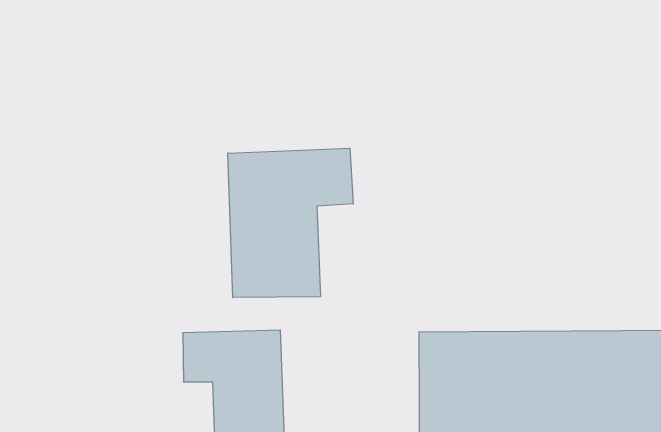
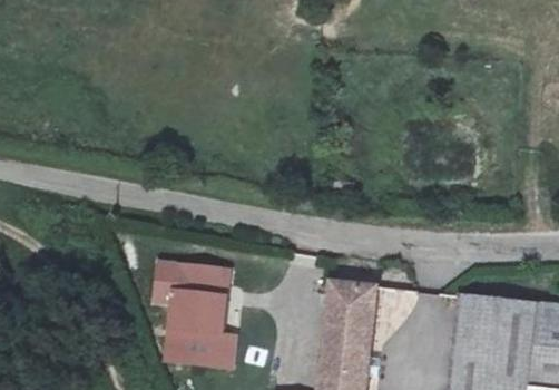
building: [228,148,353,298] -> none

